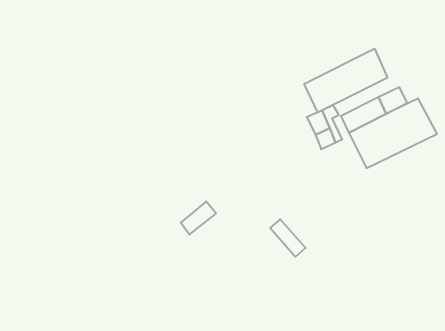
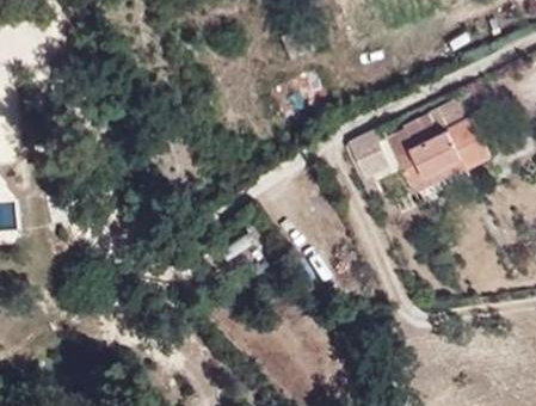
building: [304,49,387,112] -> none

